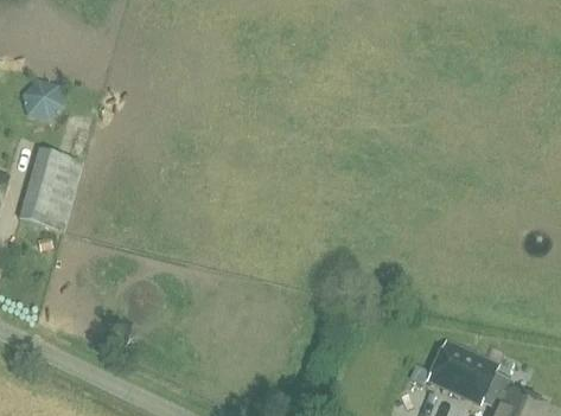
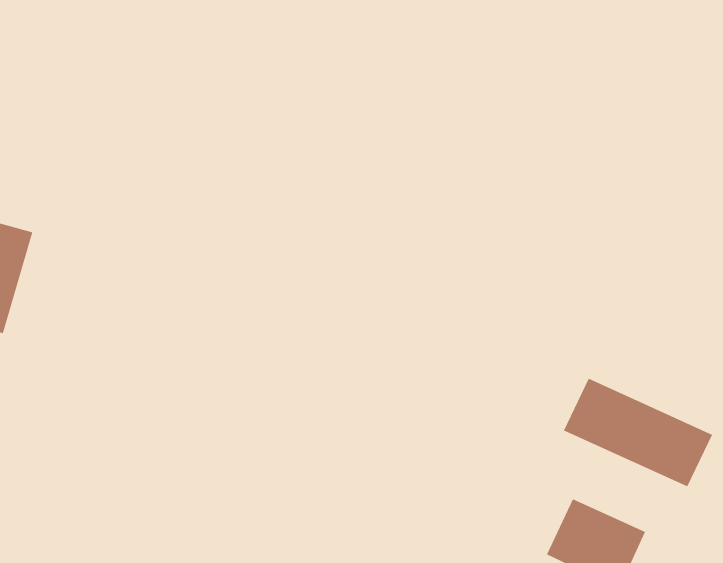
building: none -> [563,378,713,487]

